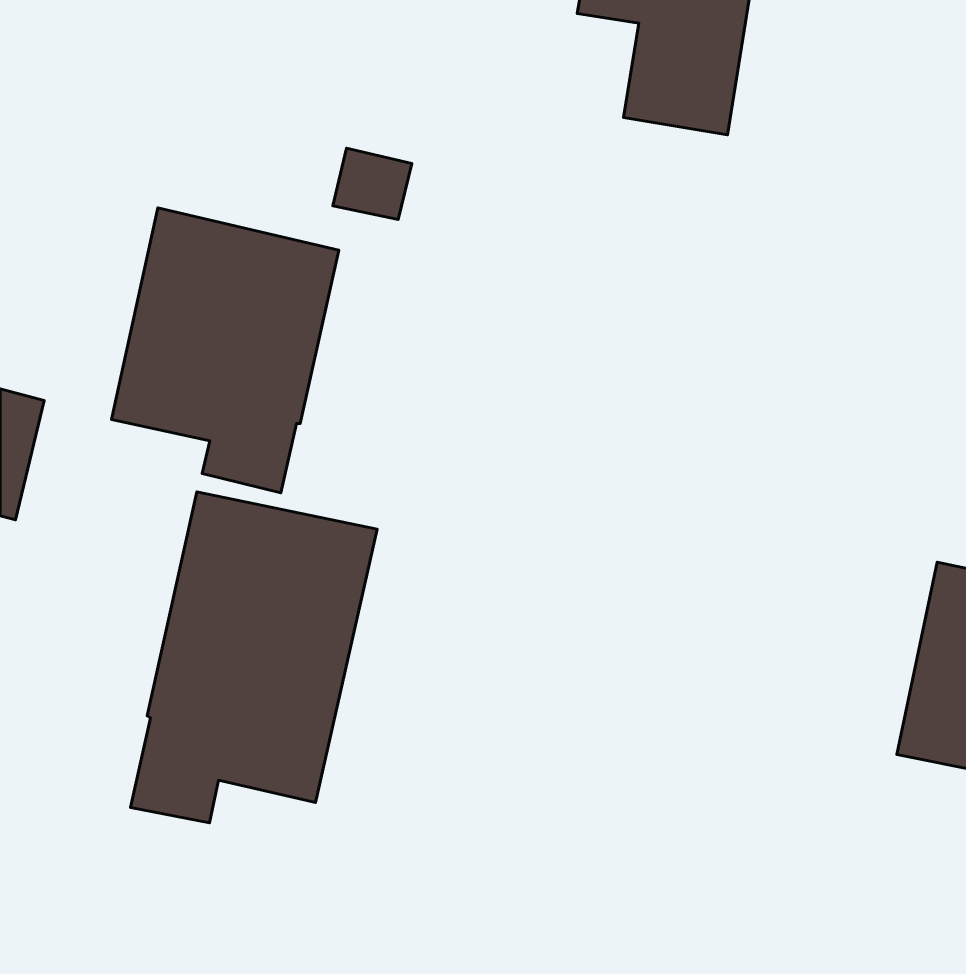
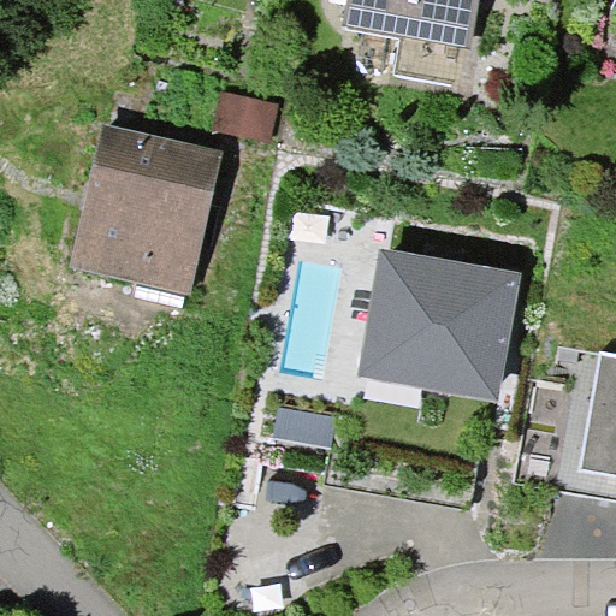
building: none -> [357,249,508,395]
building: [131,492,377,823] -> none

